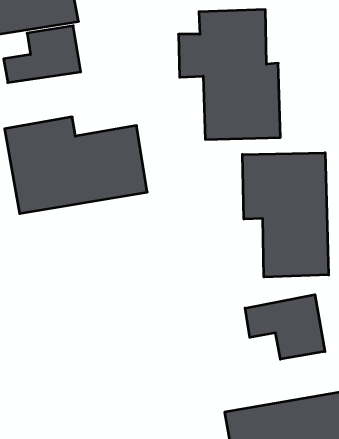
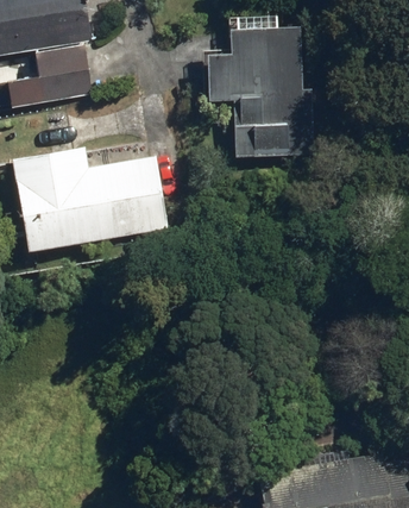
building: [242,153,329,277] -> none
building: [245,295,325,359] -> none

